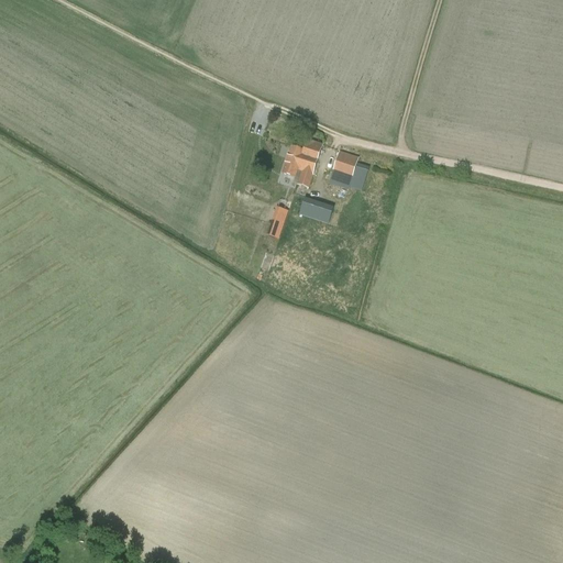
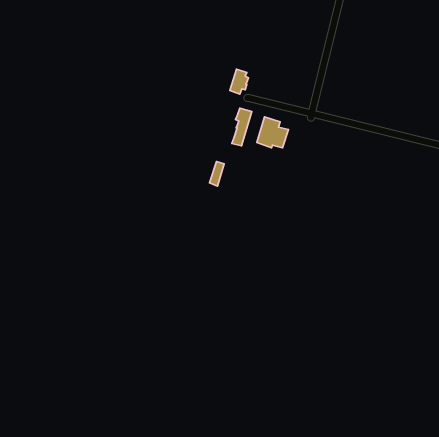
building: [282,144,306,176] -> [230,69,249,94]
building: [299,197,333,223] -> none

